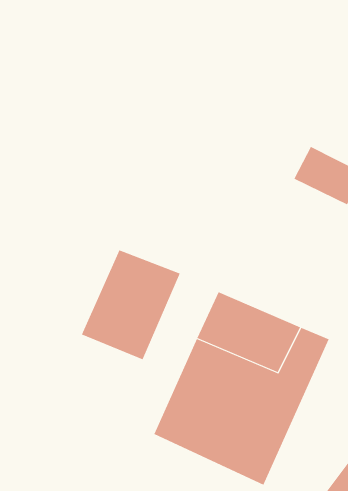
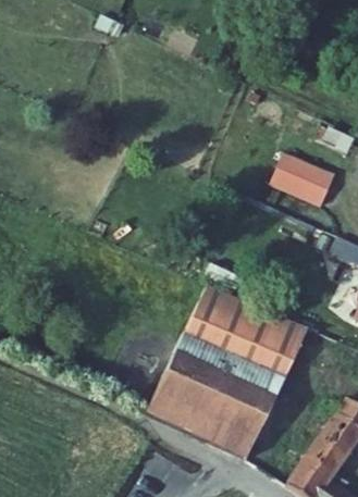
building: [81,250,181,360] -> none

